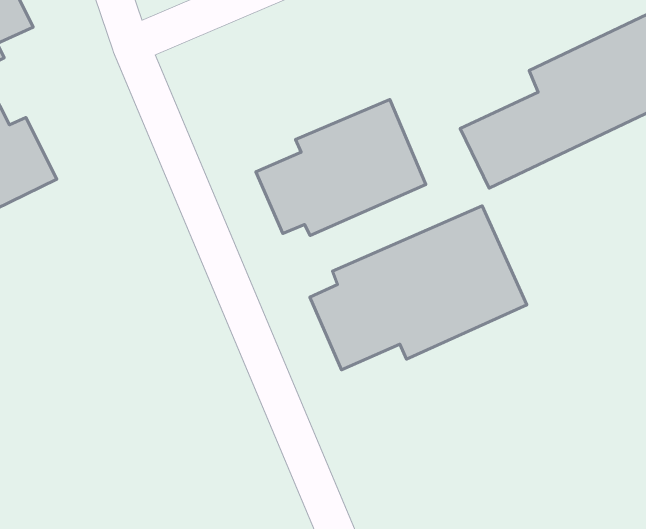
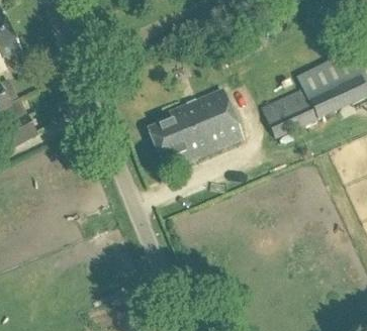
building: [310,206,527,370] -> none

